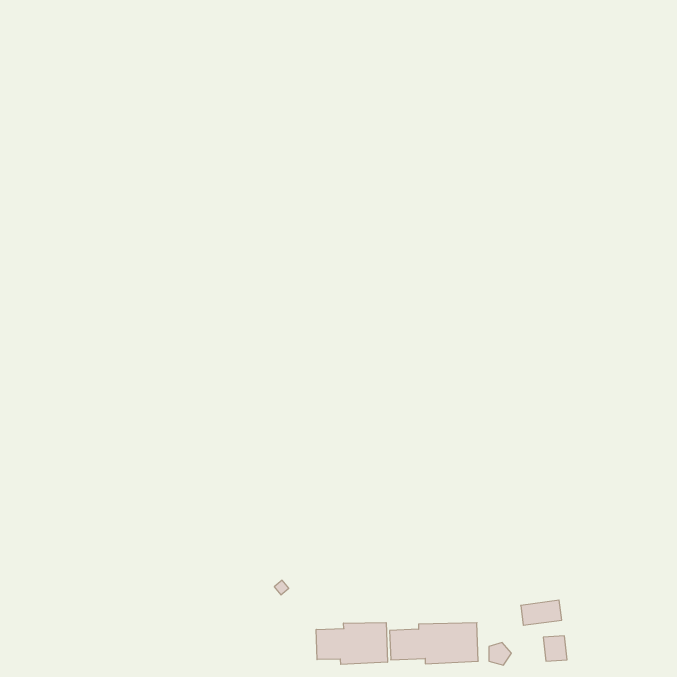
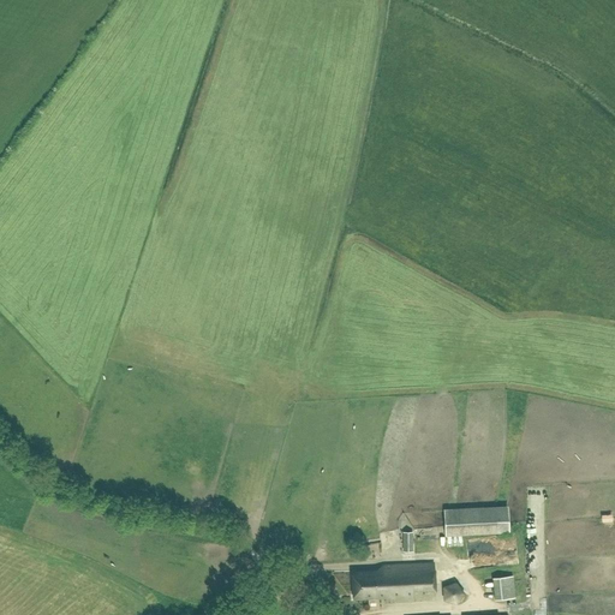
building: none -> [444,507,508,535]
building: [316,623,387,664] -> none

